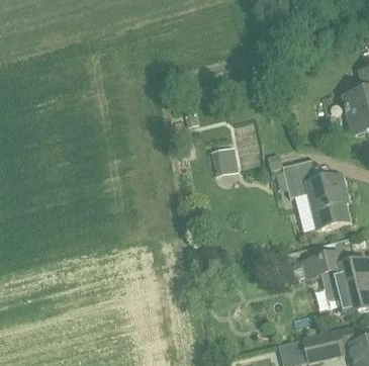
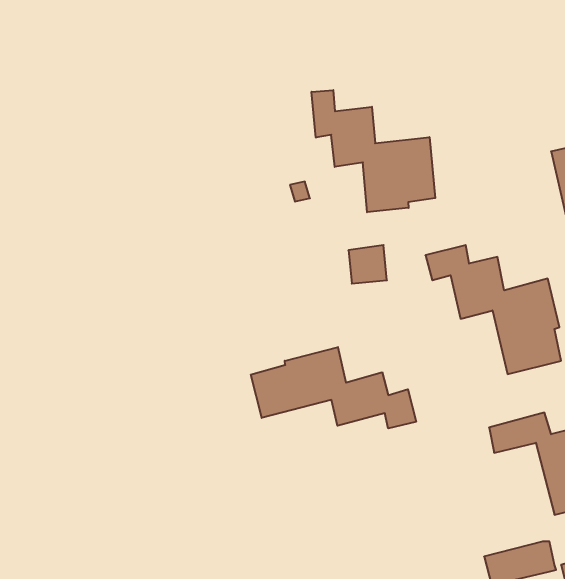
building: none -> [312,90,435,212]
building: none -> [251,347,416,428]

